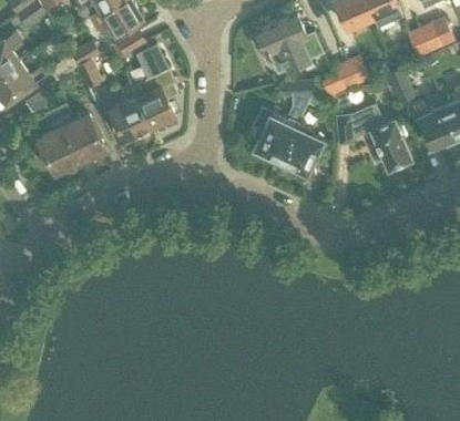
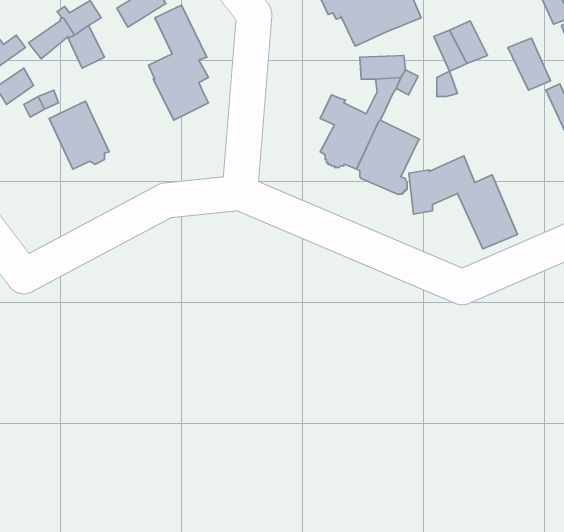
building: [111,97,151,140] -> none
building: [336,105,412,171] -> [409,156,518,249]
building: [37,125,80,173] -> none

